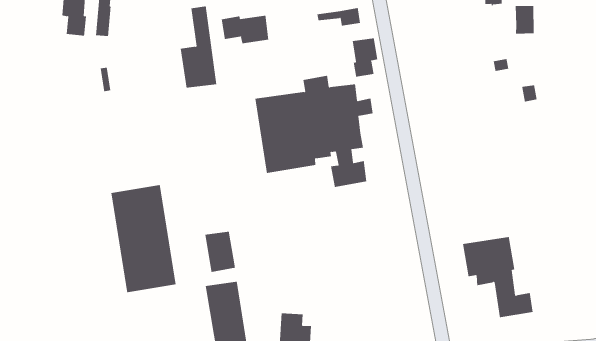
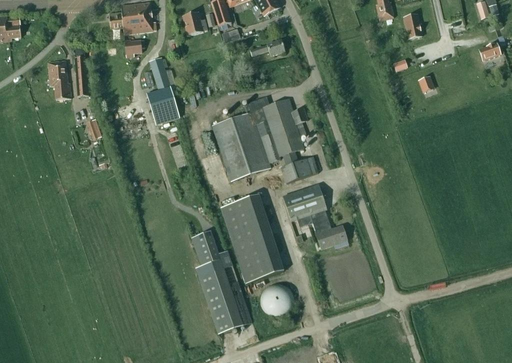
building: [221,15,269,44] -> none
building: [352,37,378,78] -> none
building: [110,185,177,293] -> [220,194,284,283]
building: [462,236,534,318] -> [282,184,347,249]

